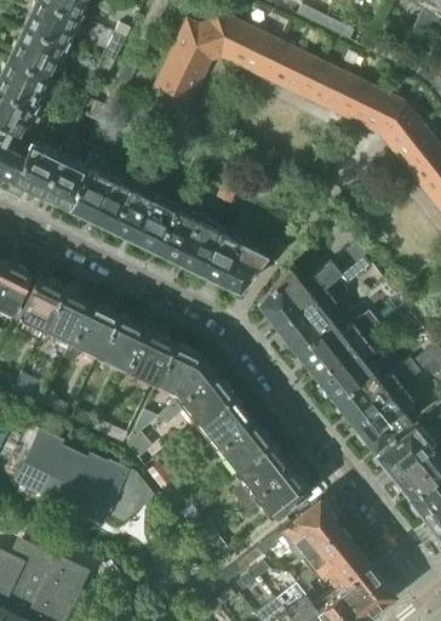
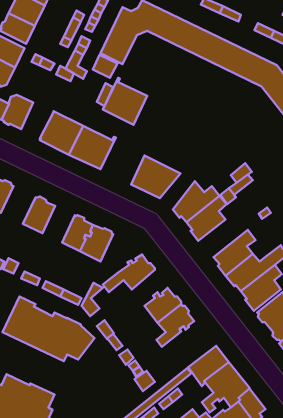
building: [41,139,87,206] -> none
building: [154,205,217,272] -> [103,78,147,125]
building: [17,277,62,336] -> none
building: [63,302,118,363] -> none
building: [293,312,379,375] -> none
building: [158,344,213,397] -> none
building: [189,393,250,461] -> none
building: [236,466,309,518] -> none

